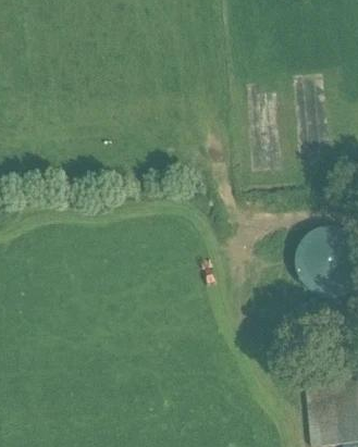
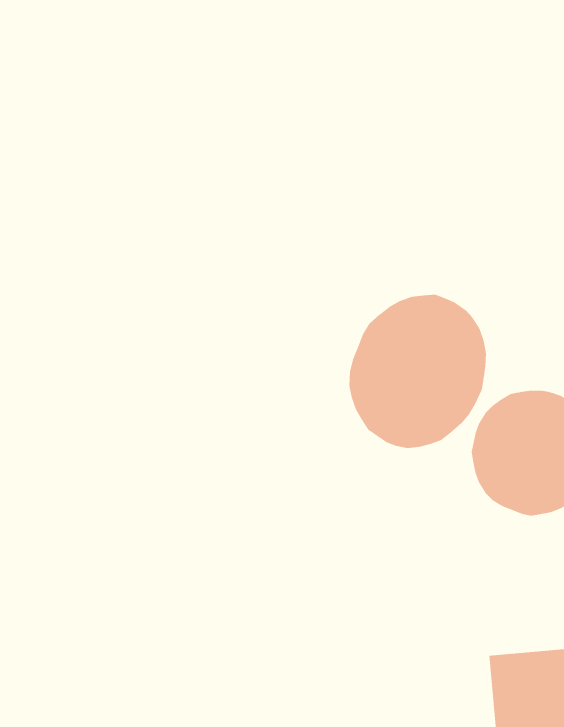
building: none -> [349,294,486,449]

